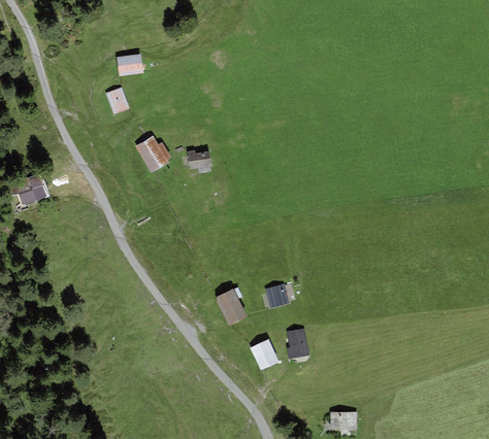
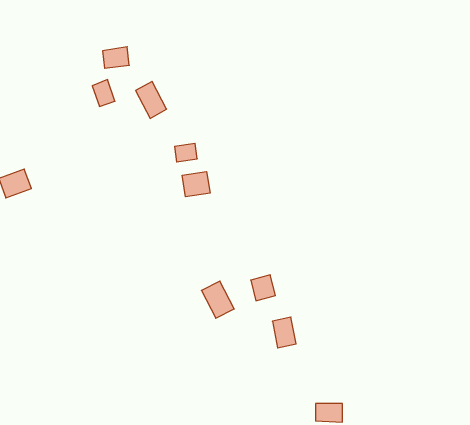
building: [136,136,167,173] -> [136,81,167,118]
building: none -> [182,172,210,197]
building: [251,337,278,366] -> none

